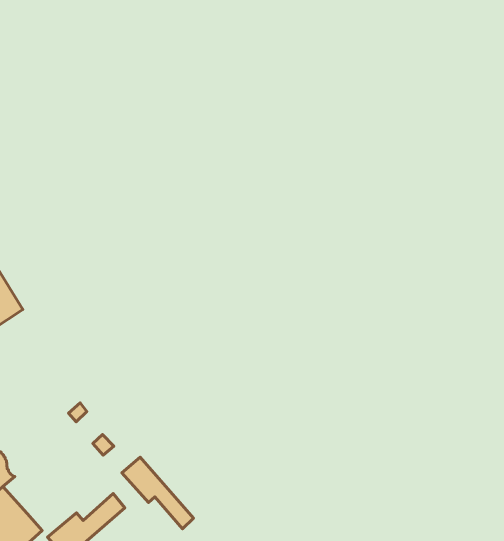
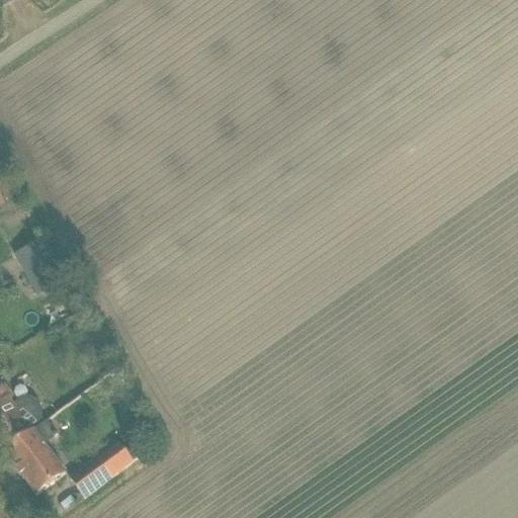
building: [122,457,194,529] -> none

